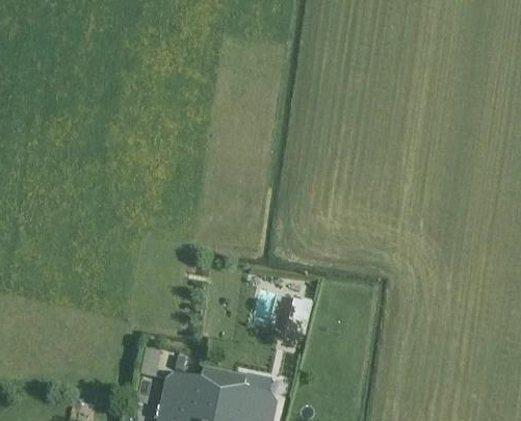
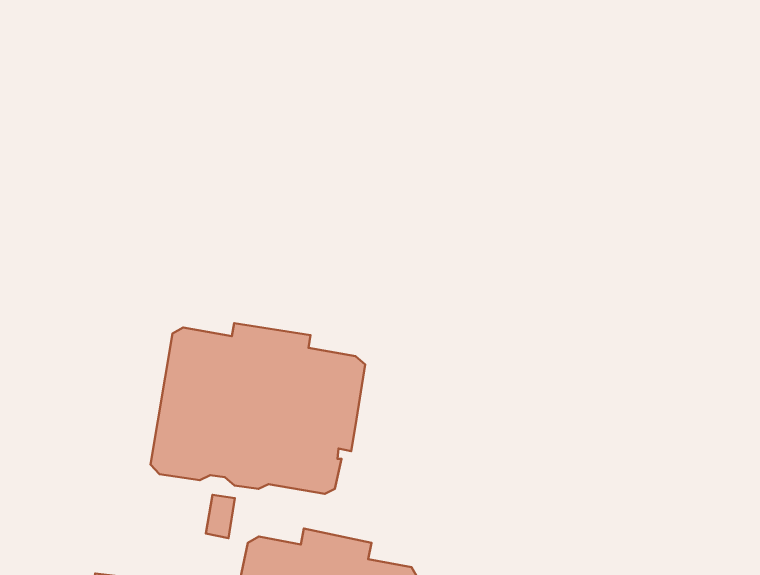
building: none -> [151,323,365,494]

